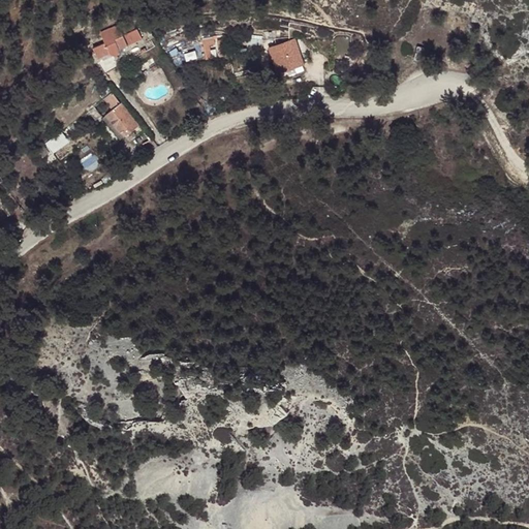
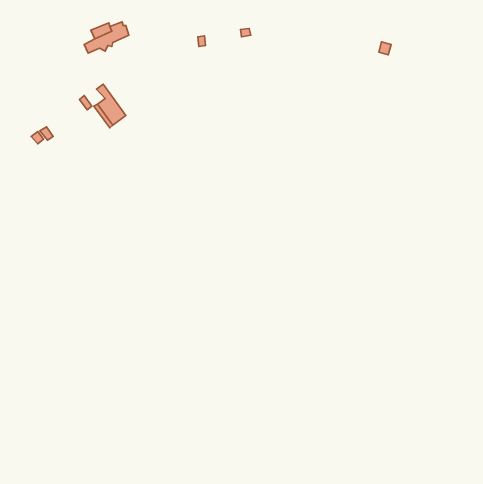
building: [269,42,301,71] -> none

